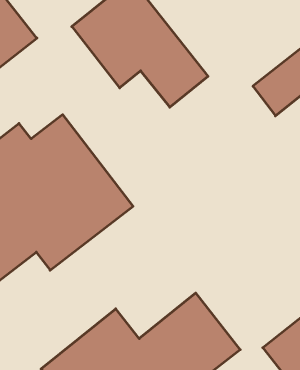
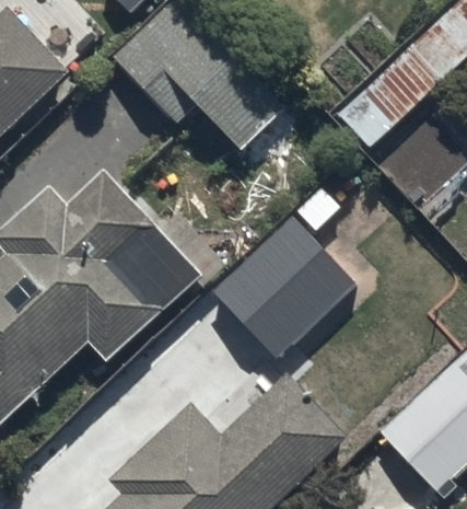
building: none -> [214,188,357,358]

